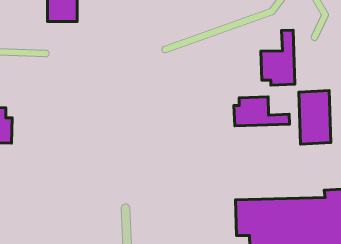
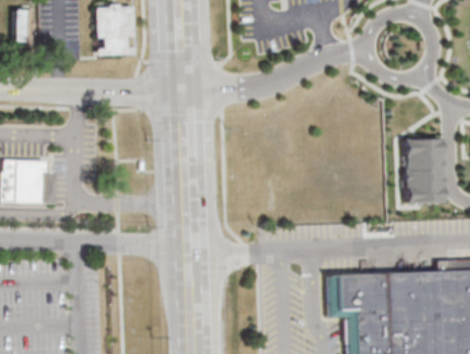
building: [261,30,295,85] -> none
building: [234,97,289,126] -> none

